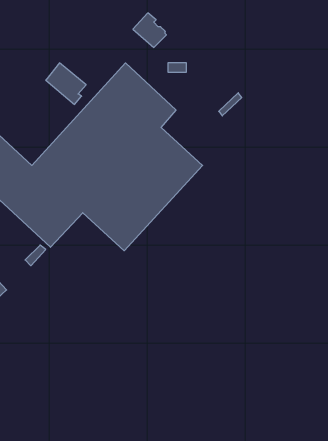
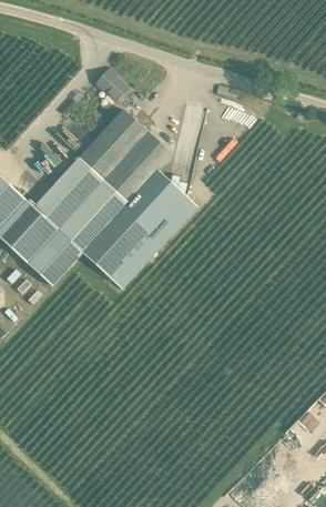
building: [133,13,166,47] -> [95,67,128,100]

